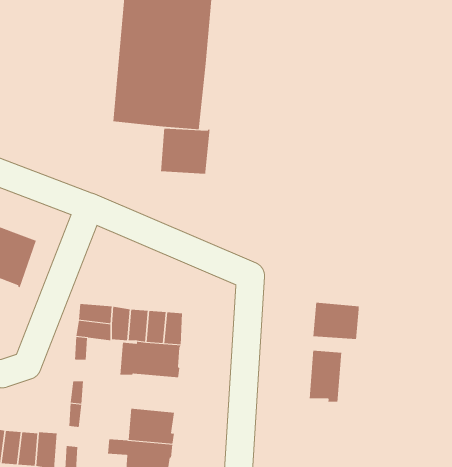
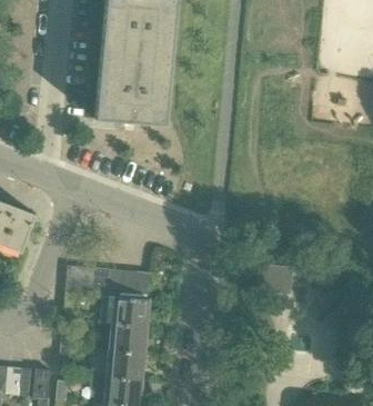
building: [160,128,210,176] -> none
building: [309,350,342,403] -> none
building: none -> [109,323,148,354]

